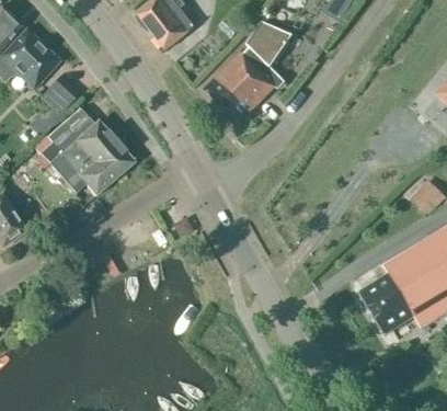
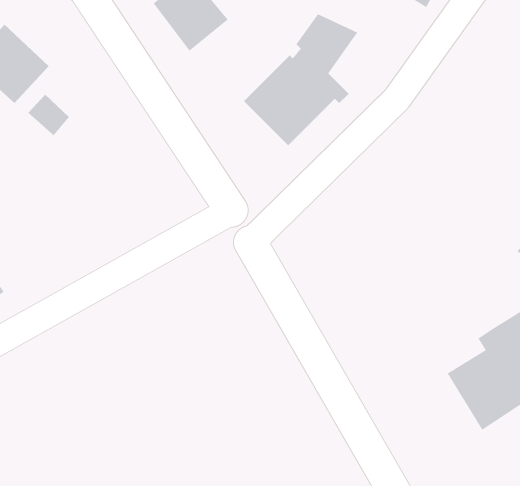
building: [35,109,134,195] -> none

